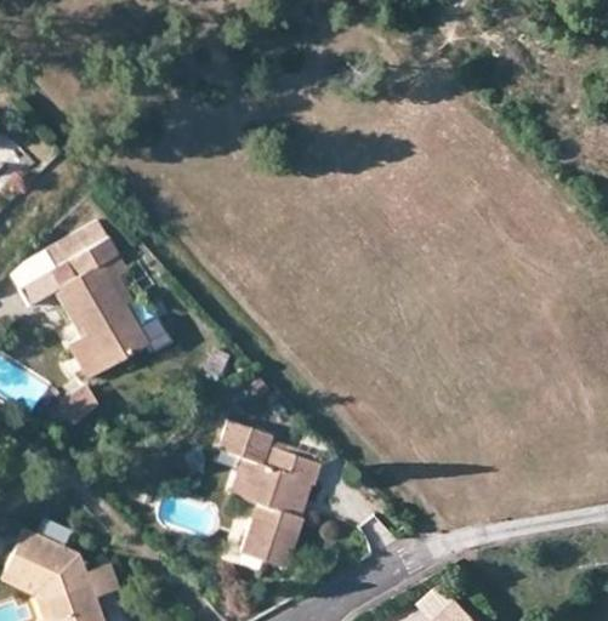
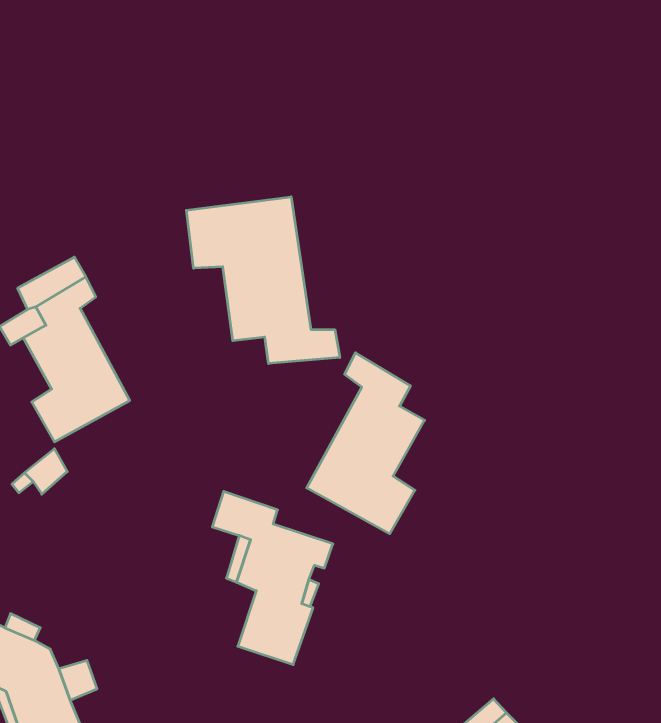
building: none -> [186,197,340,364]
building: none -> [307,353,425,534]

